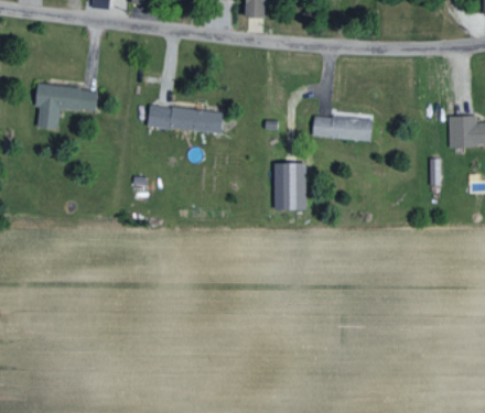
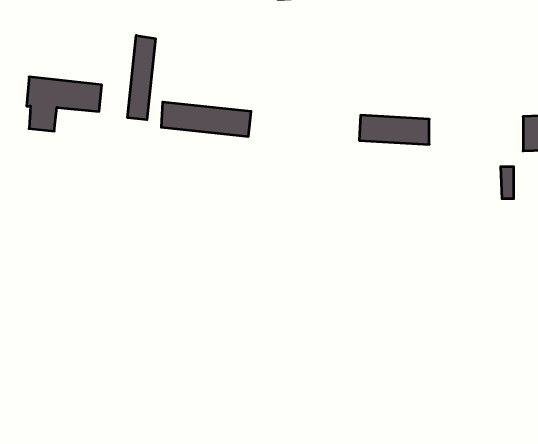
building: none -> [128,35,155,120]
building: [274,163,308,210] -> none

